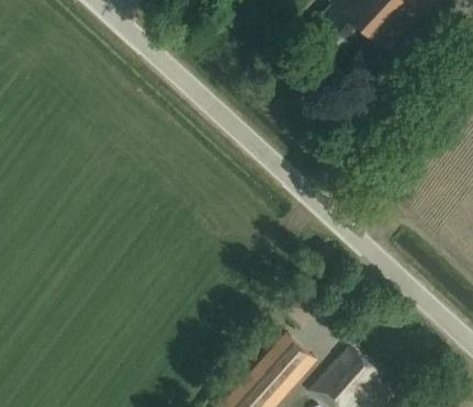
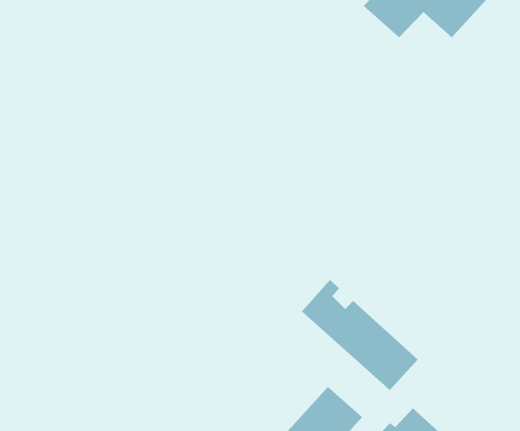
building: none -> [301,279,418,391]

